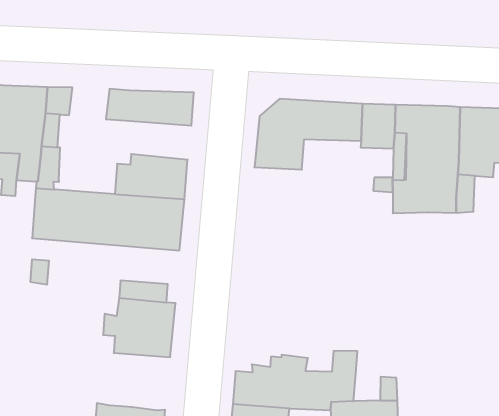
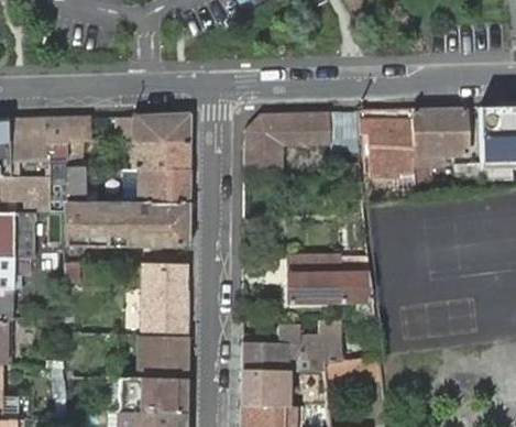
building: none -> [134,141,190,169]
building: none -> [288,256,374,318]
building: none -> [140,335,187,380]

